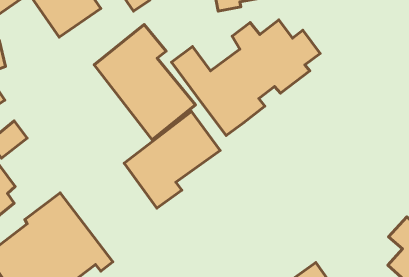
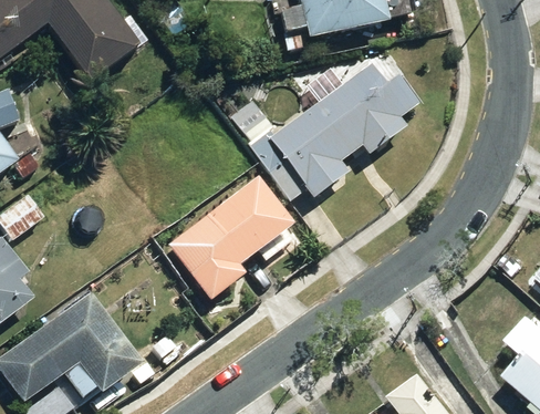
building: [94,24,195,140] -> none

